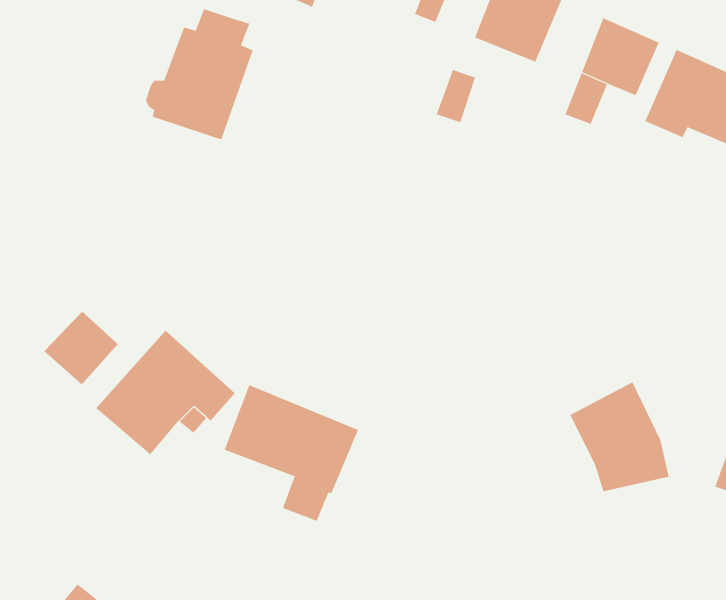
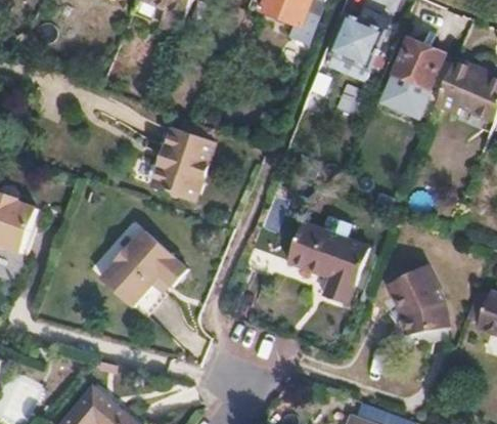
building: [145,8,254,140] -> [146,117,213,198]
building: [44,311,118,385] -> none
building: [224,385,359,522] -> [284,219,367,303]

